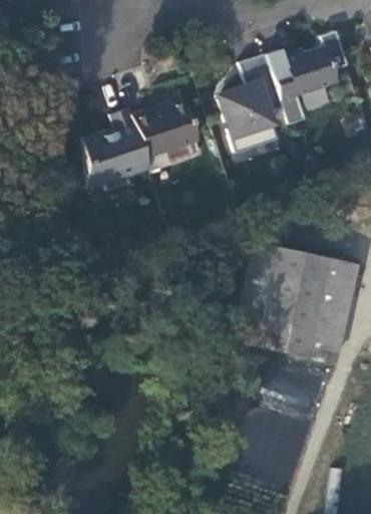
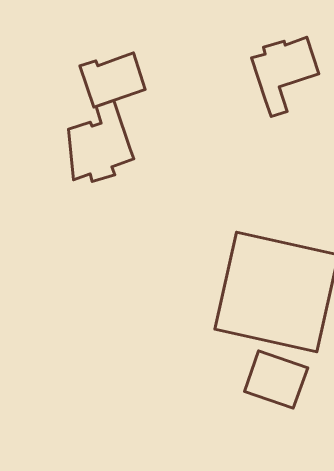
building: [220,53,285,153] -> none
building: [133,101,200,157] -> [80,53,145,107]

